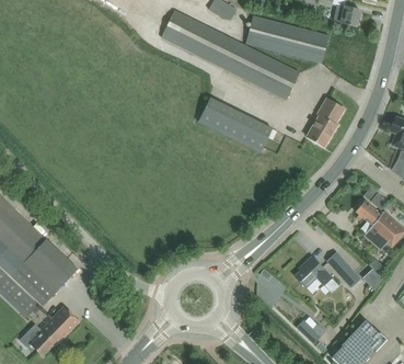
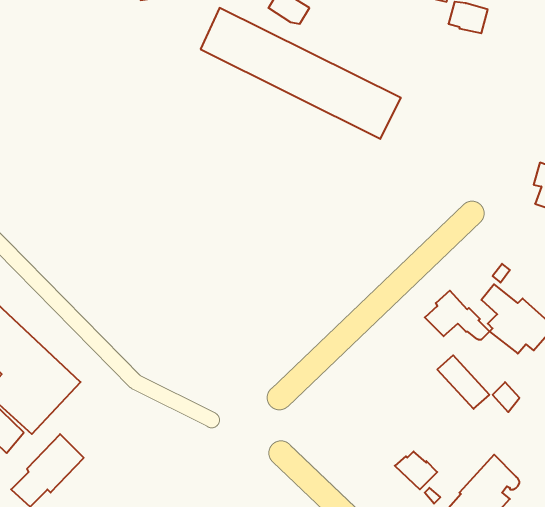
building: [245,15,328,62] -> none
building: [197,96,273,152] -> none
building: [307,98,344,147] -> none
building: [295,257,339,291] -> [425,291,489,339]

